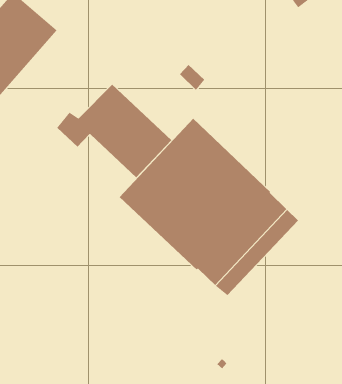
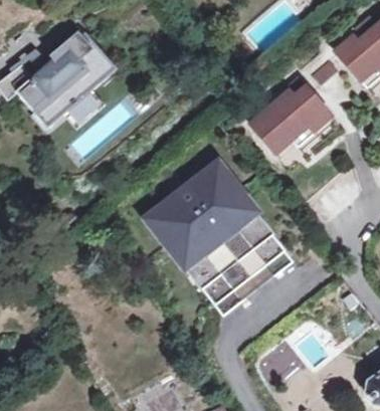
building: none -> [246,81,336,162]
building: [57,84,172,178] -> none

